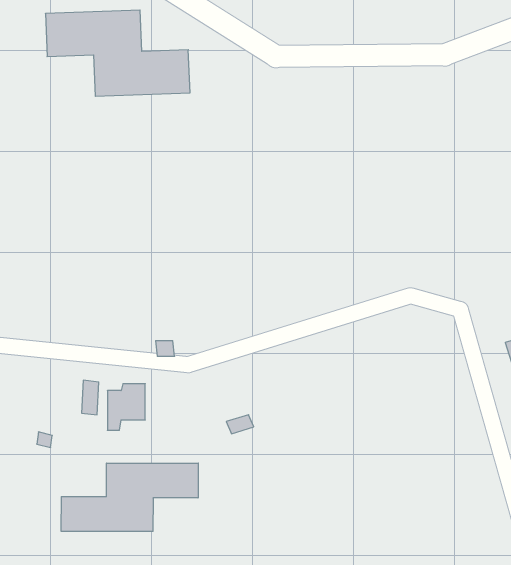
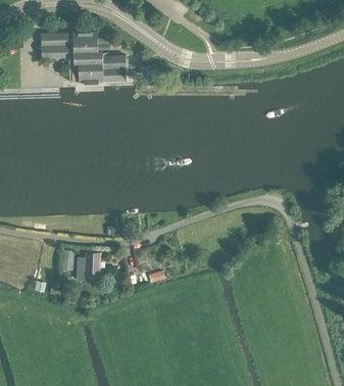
building: [61,463,198,531] -> none

